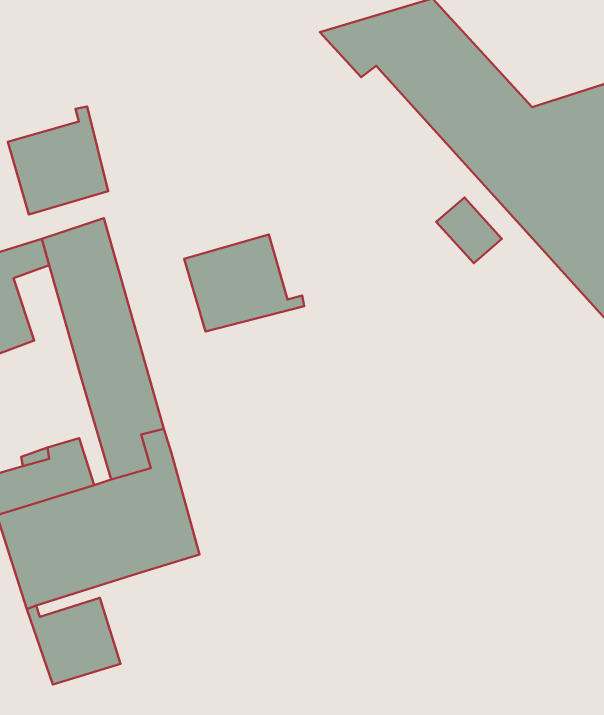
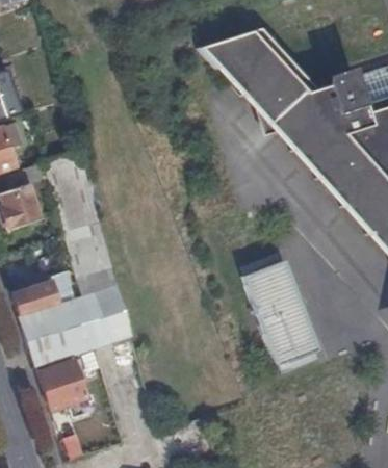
building: [8,107,108,215] -> none
building: [184,234,304,331] -> none
building: none -> [244,259,318,373]

